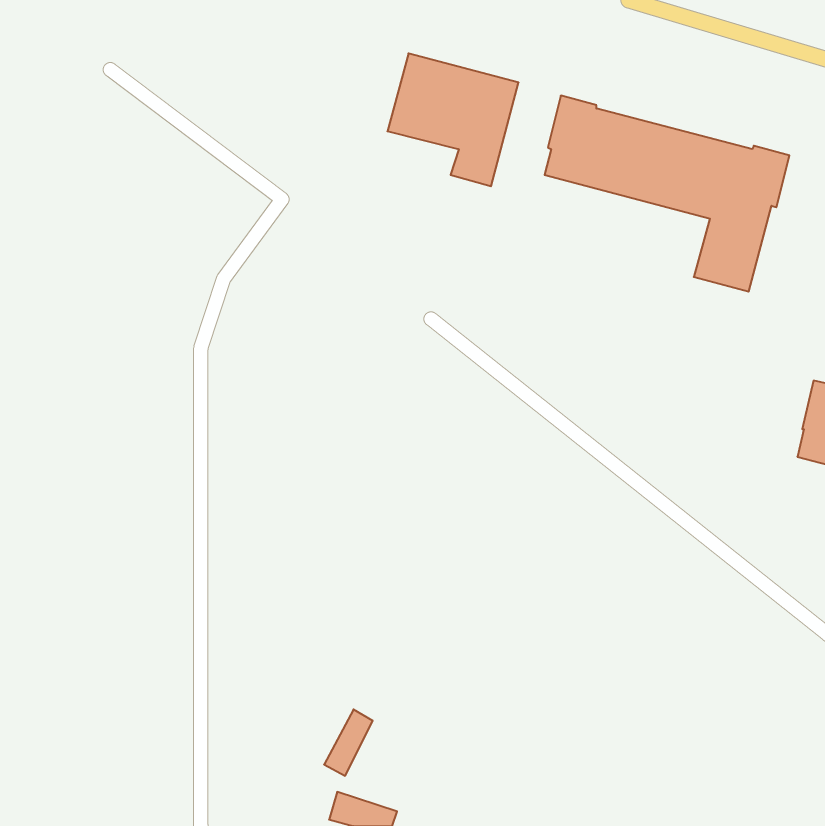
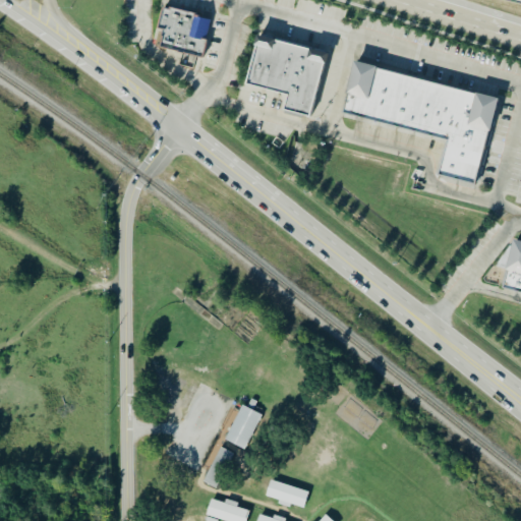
building: none -> [154,6,212,57]
building: none -> [228,405,265,449]
building: none -> [269,479,311,507]

